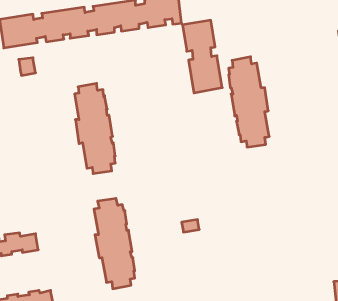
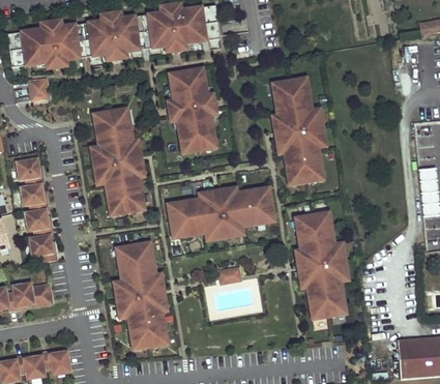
building: [182,20,222,93] -> [169,68,215,153]
building: none -> [17,158,56,263]
building: none -> [169,189,273,237]
building: none -> [297,212,345,318]

